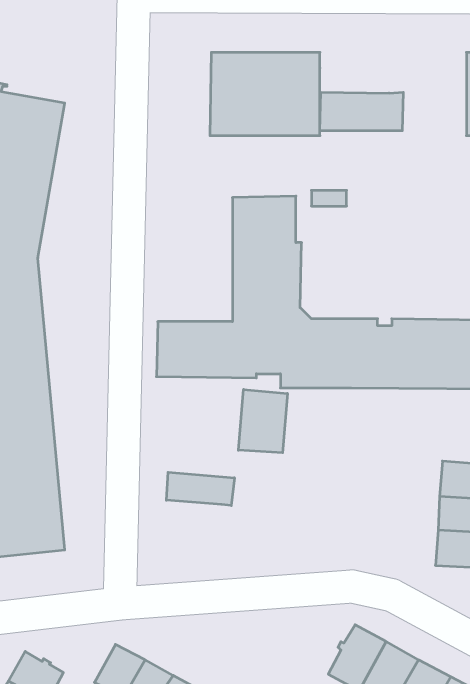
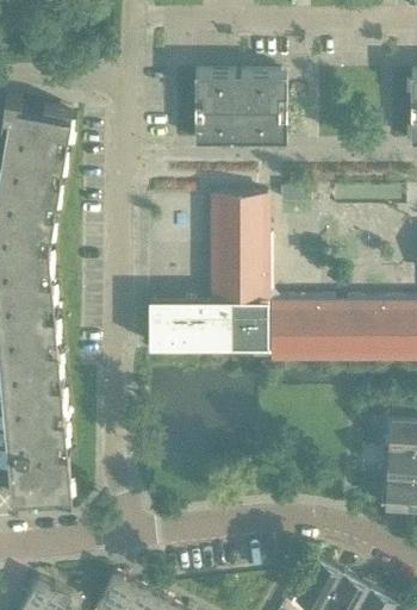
building: [320,92,403,131] -> none
building: [238,389,287,453] -> none
building: [166,472,234,506] -> none

